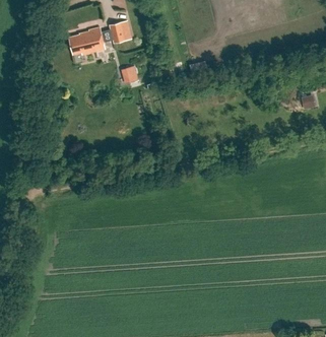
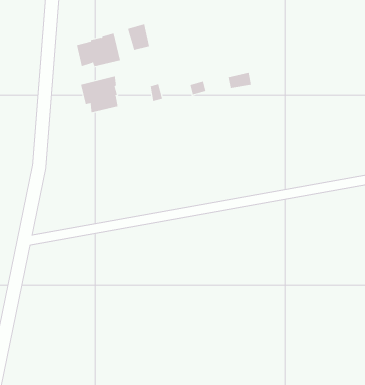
building: none -> [80,76,118,113]

